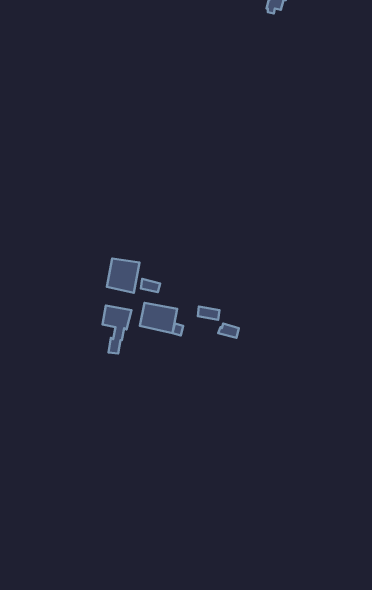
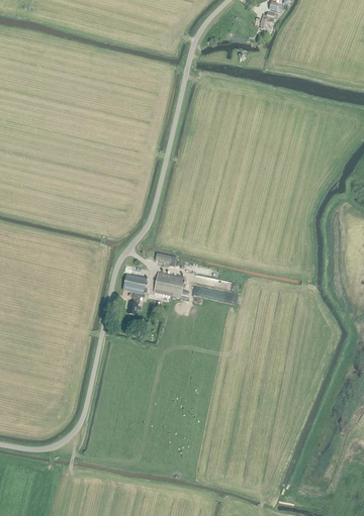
building: [107,258,139,293] -> none

